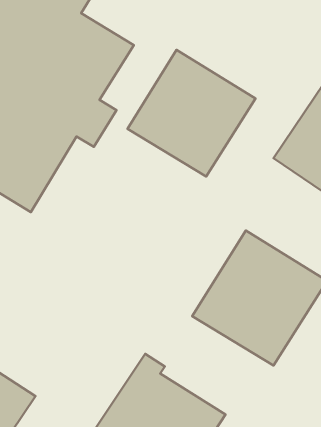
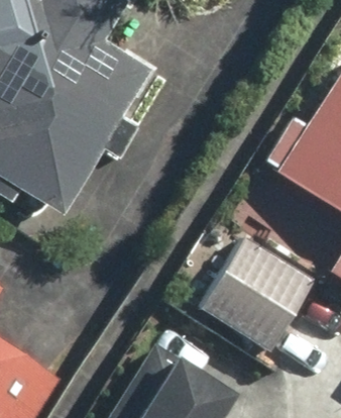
building: [127,50,255,176] -> none

